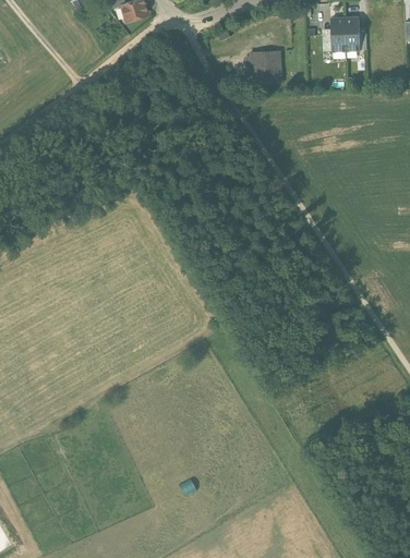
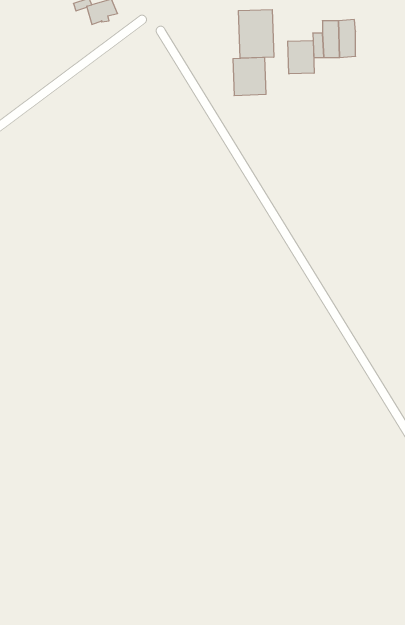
building: none -> [238,10,274,58]
building: none -> [288,40,314,74]

